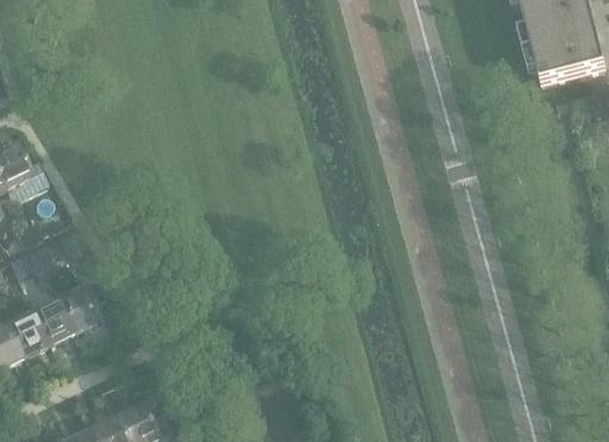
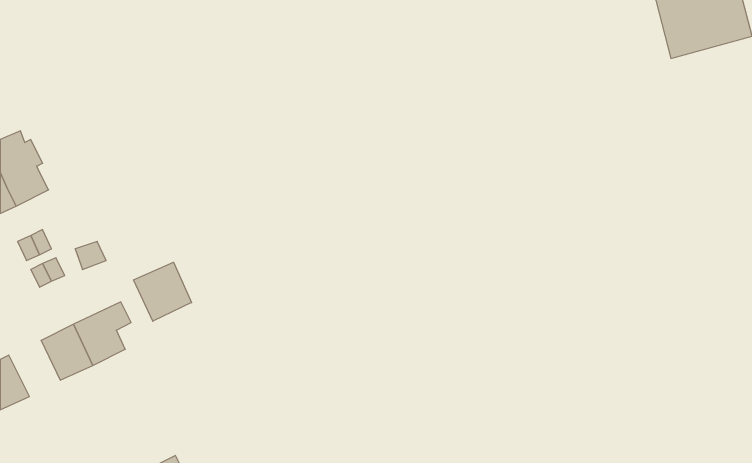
building: none -> [133,262,192,321]
building: [8,311,50,356] -> none

